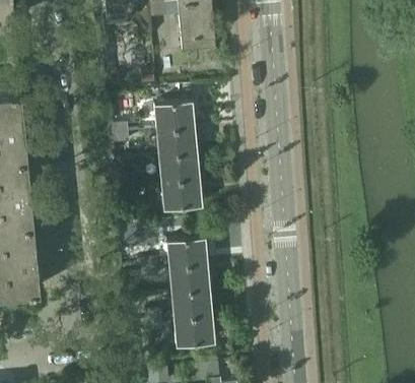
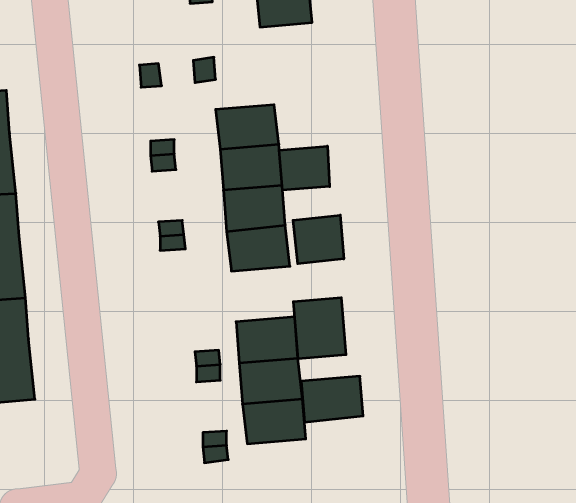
building: none -> [279,146,330,190]
building: none -> [293,215,344,264]
building: none -> [293,298,346,359]
building: [174,318,213,347] -> [301,376,363,422]

